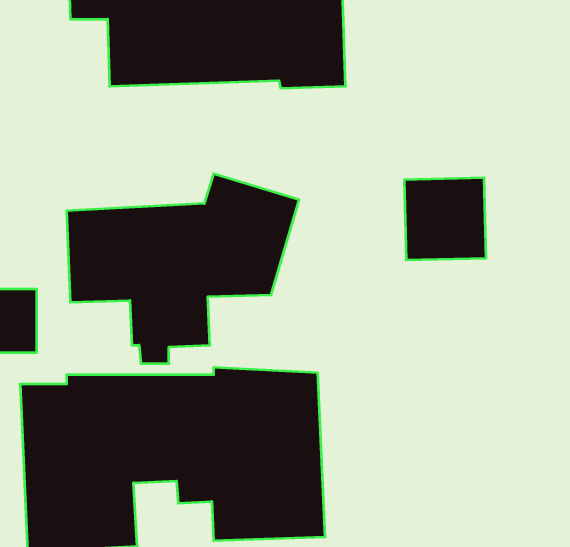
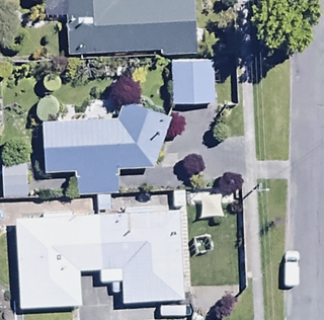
building: [404,178,486,260] -> [170,59,215,103]

